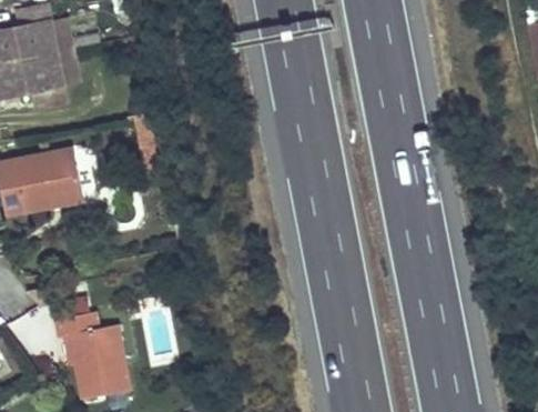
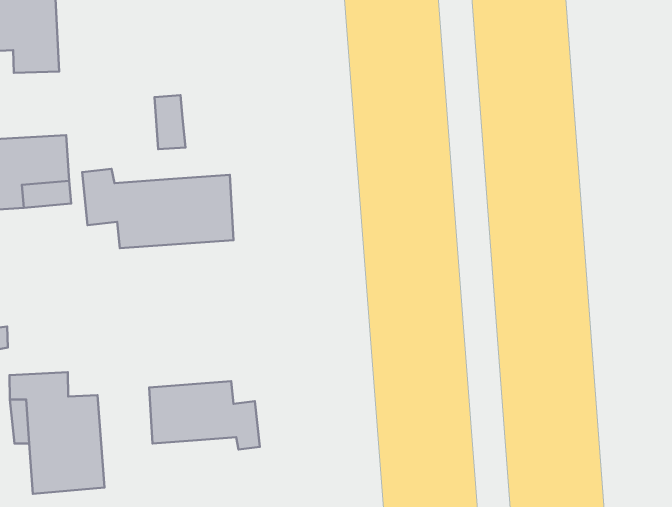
building: none -> [82,169,234,248]
building: none -> [149,381,260,450]

